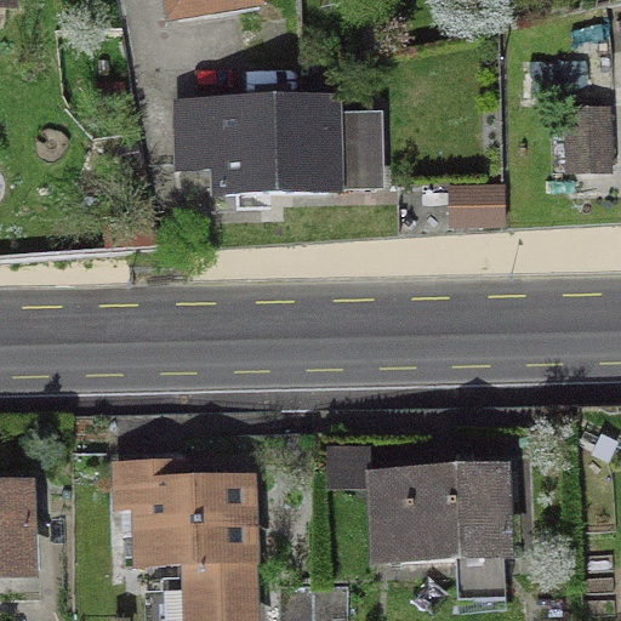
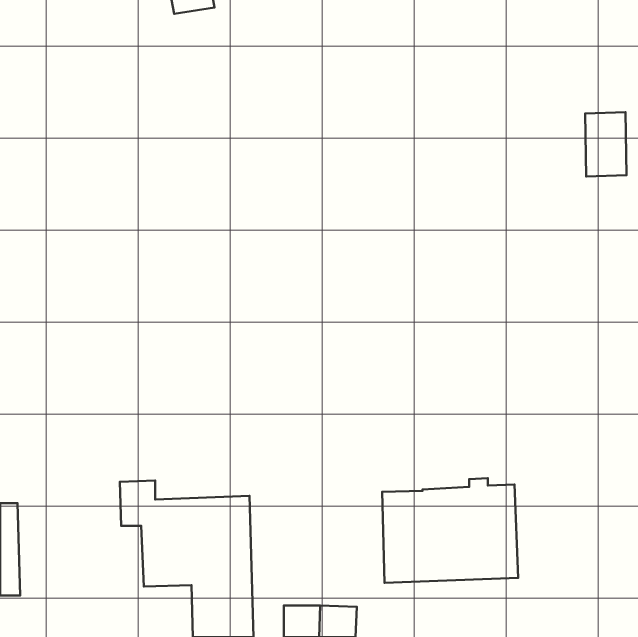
building: [181,98,378,192] -> none

